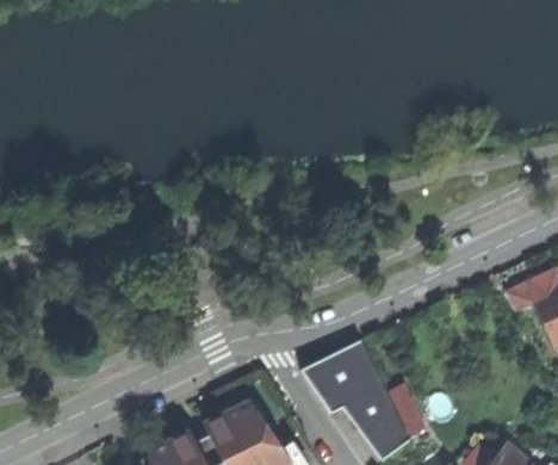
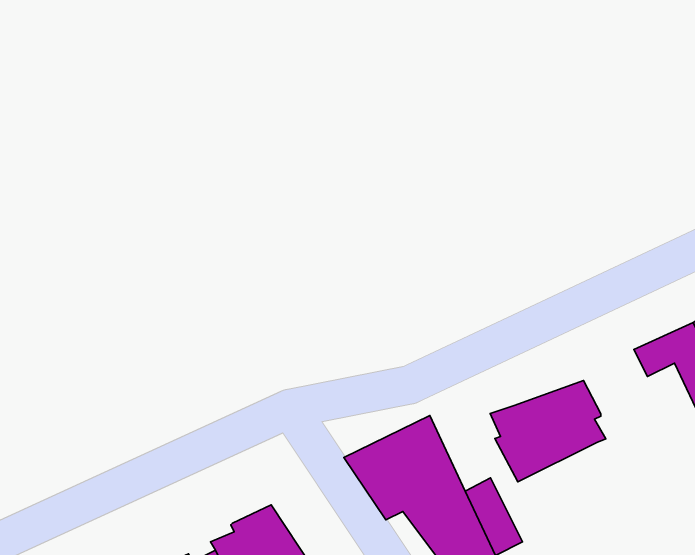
building: none -> [490,380,606,482]

